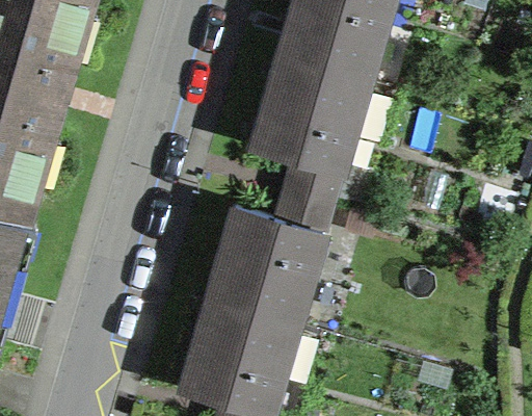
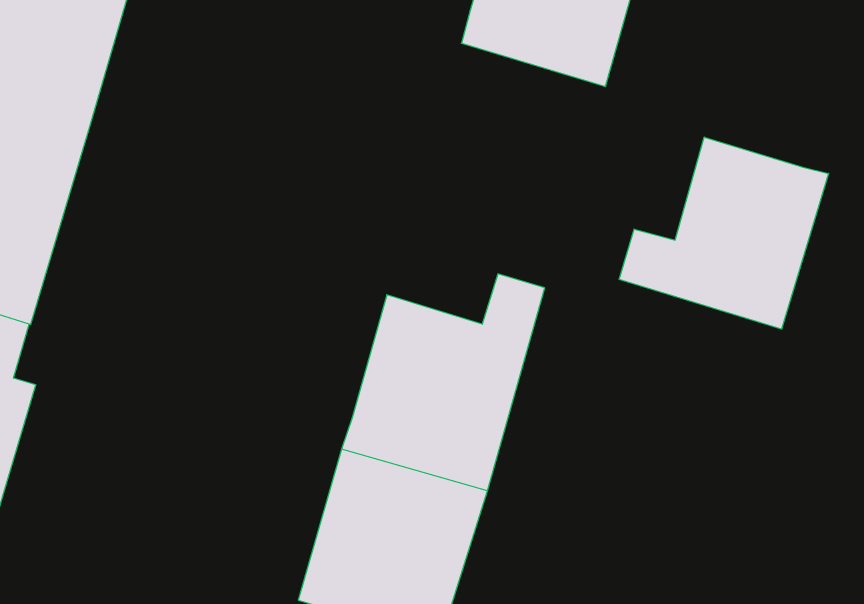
building: [255,57,368,204] -> none
building: none -> [619,137,829,329]

